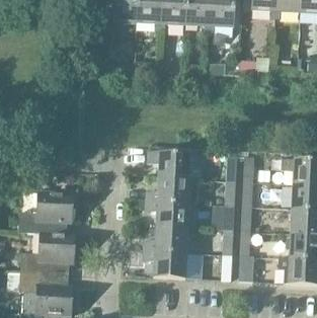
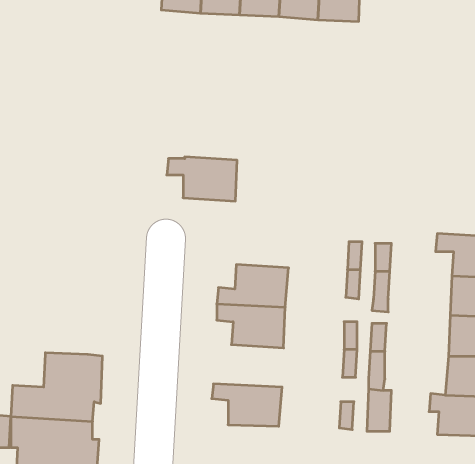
building: [147,151,190,178] -> [167,157,237,201]
building: [17,189,72,232] -> none
building: [143,226,186,252] -> none

